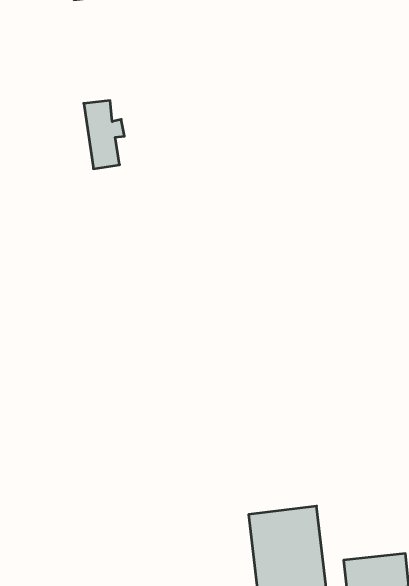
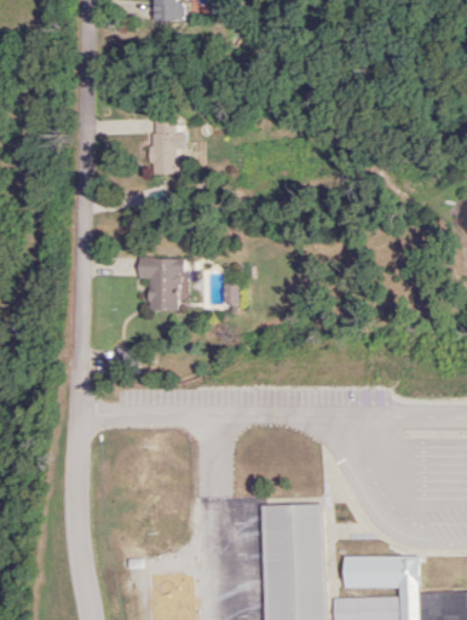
building: none -> [138,258,181,311]

